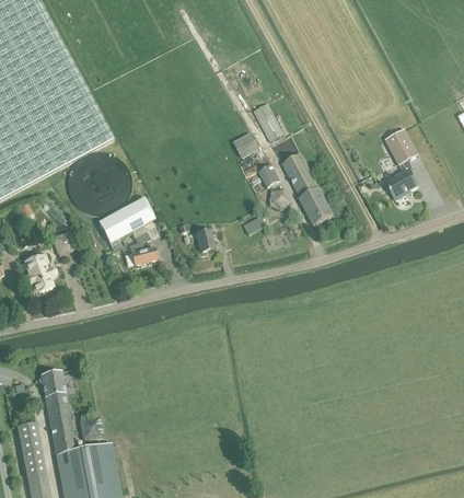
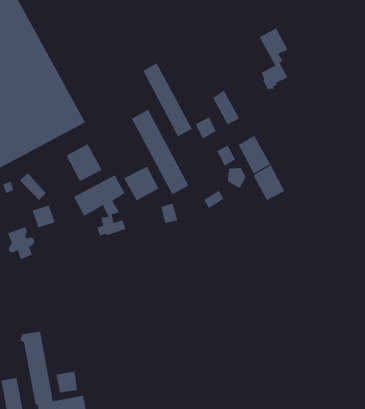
building: none -> [142,63,193,137]
building: none -> [131,109,189,195]
building: [384,129,417,199] -> [259,27,288,90]
building: none -> [66,143,102,181]
building: none -> [124,166,159,201]

